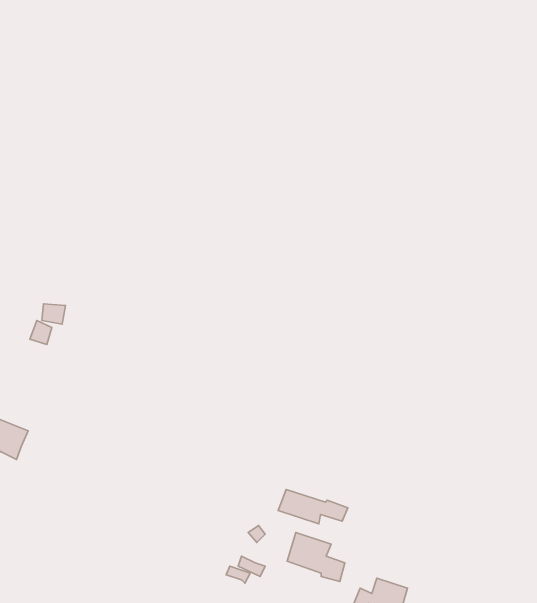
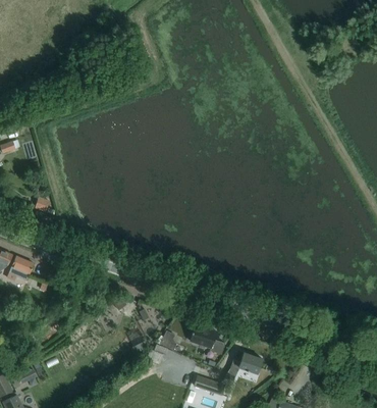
building: [278,489,348,524] -> none

